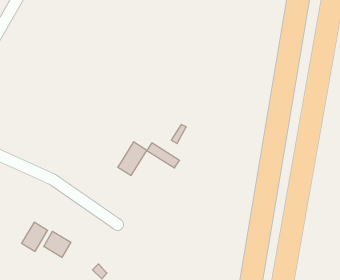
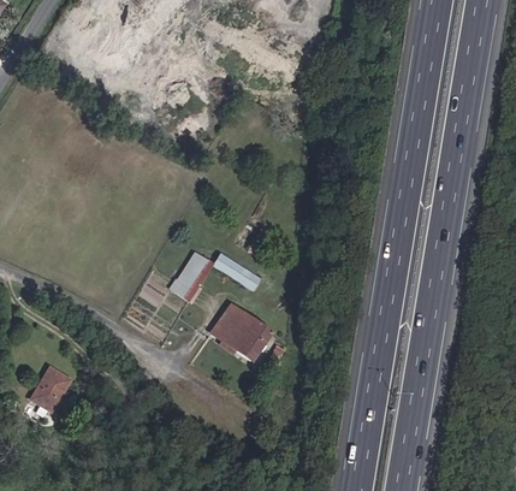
building: none -> [213,304,269,359]
building: [44,231,71,257] -> none

